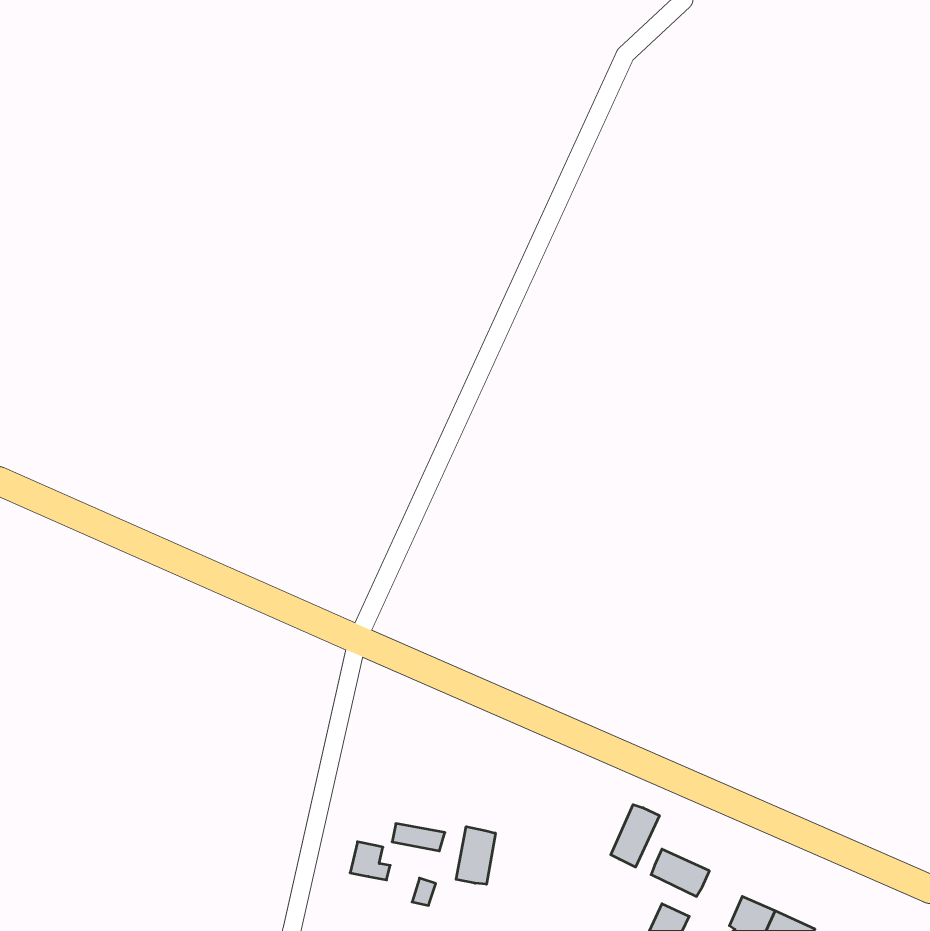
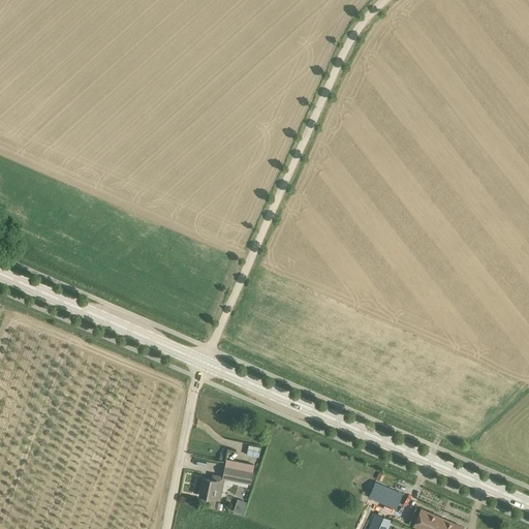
building: [611,805,659,867] -> none
building: [456,827,495,884] -> none

